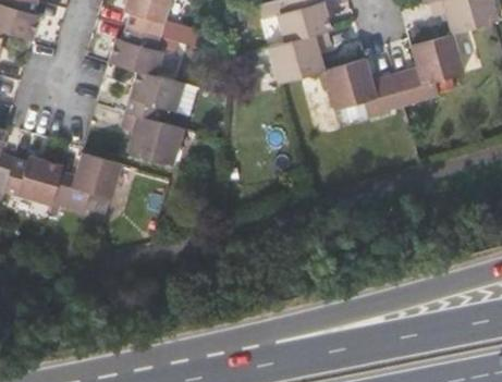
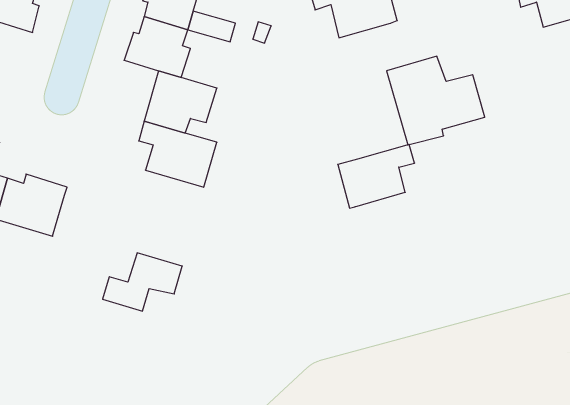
building: [268,30,331,83] -> [338,145,415,208]
building: [394,34,464,108] -> none
building: [53,152,119,200] -> [103,253,182,311]

